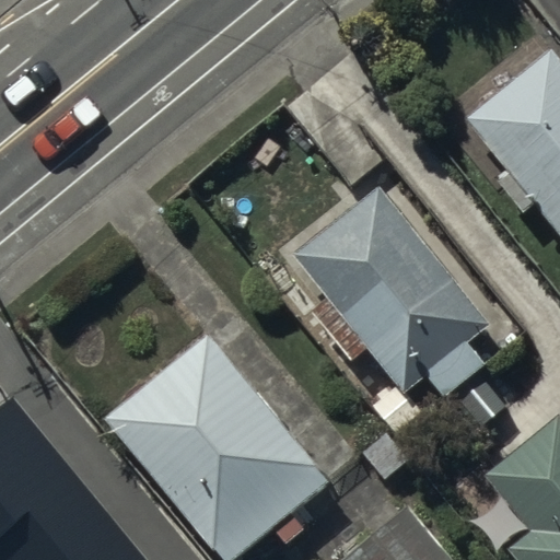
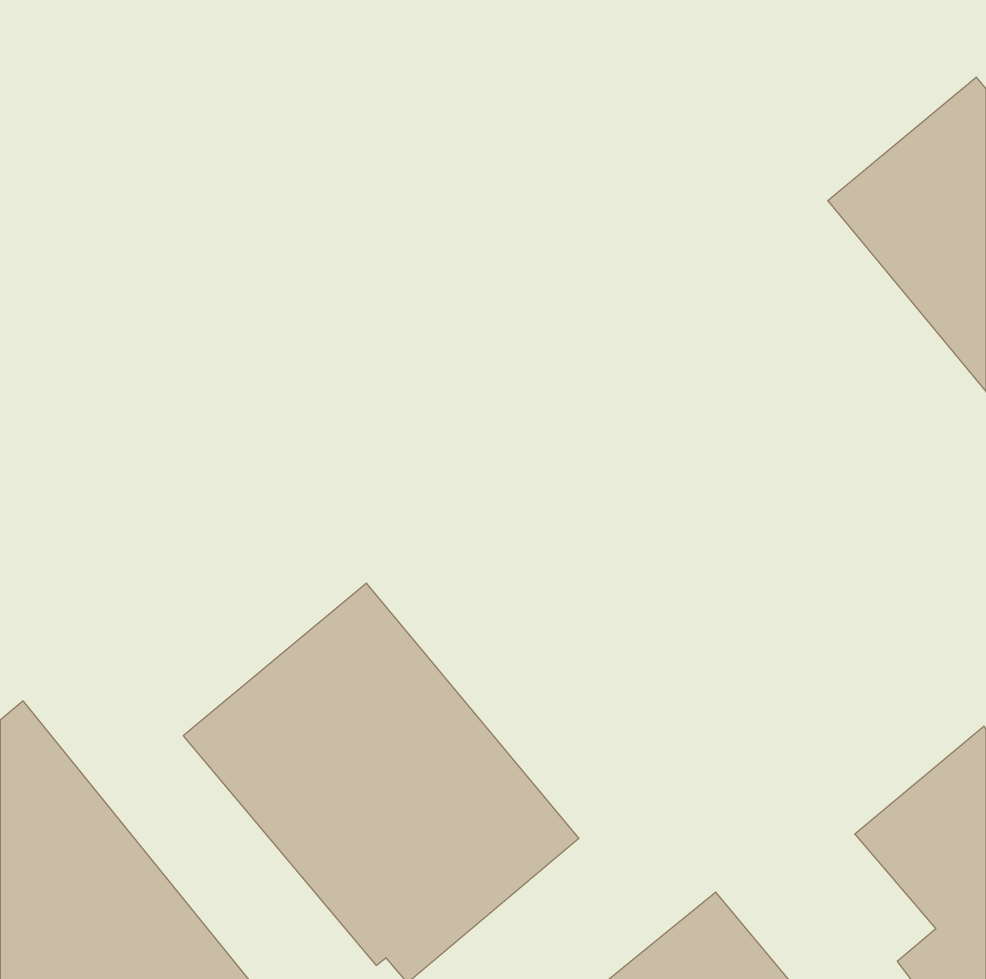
building: [295,190,488,393] -> none

